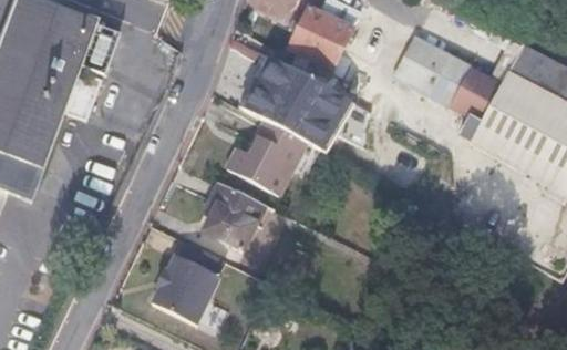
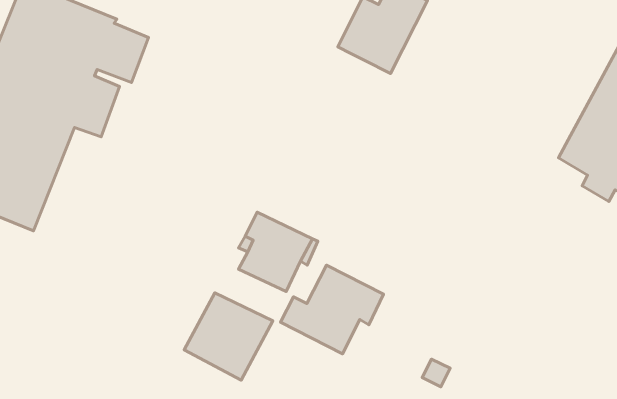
building: [392,35,499,120] -> none
building: [248,56,361,148] -> none
building: [224,120,310,194] -> [280,265,383,354]

